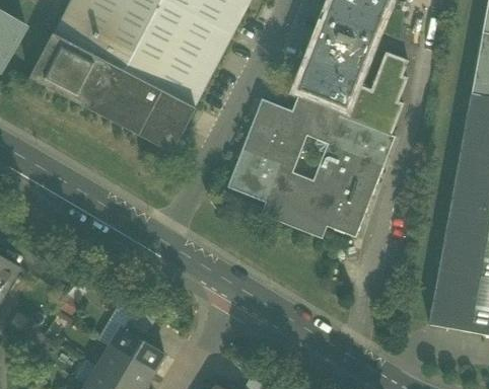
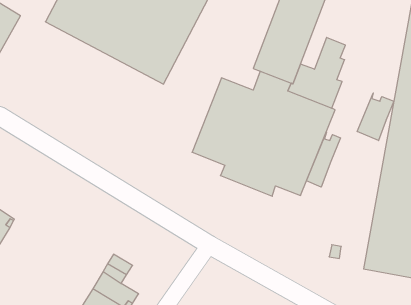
building: [29,32,196,152] -> none
building: none -> [357,93,394,141]
building: none -> [307,132,341,187]

